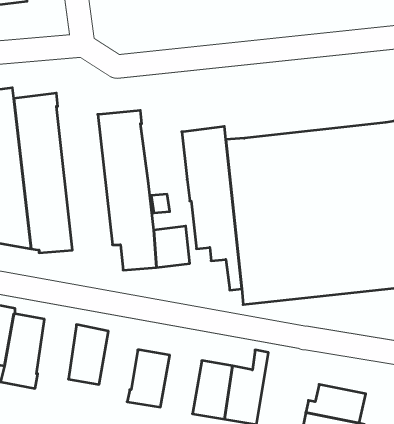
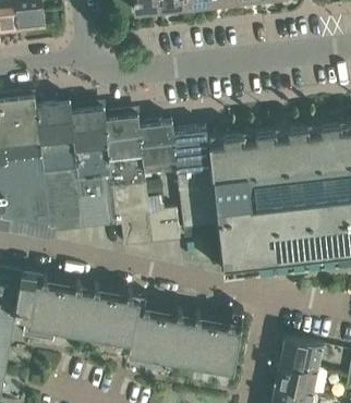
building: none -> [70,108,116,229]
building: none -> [138,121,177,174]
building: none -> [53,285,86,334]
building: none -> [105,295,140,343]
building: none -> [155,315,189,363]

